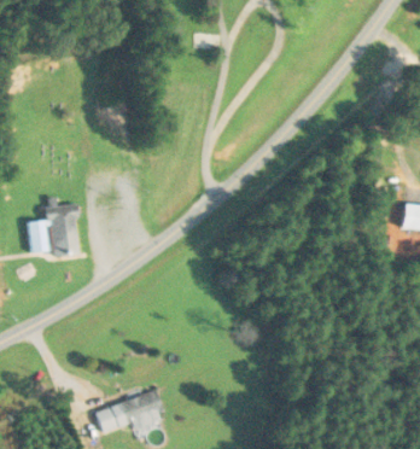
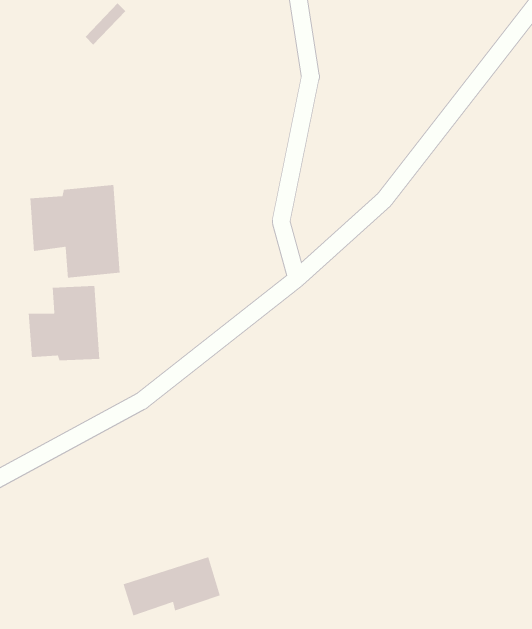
building: none -> [30,184,120,278]

